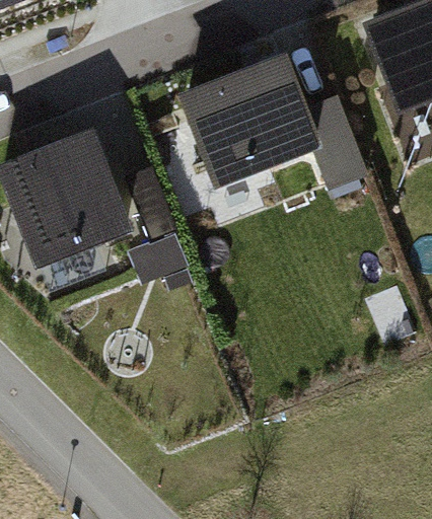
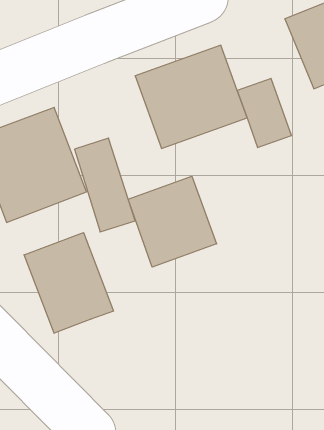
building: none -> [128,176,217,267]
building: none -> [24,233,113,333]

